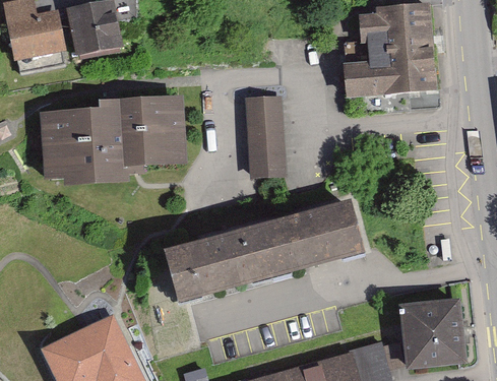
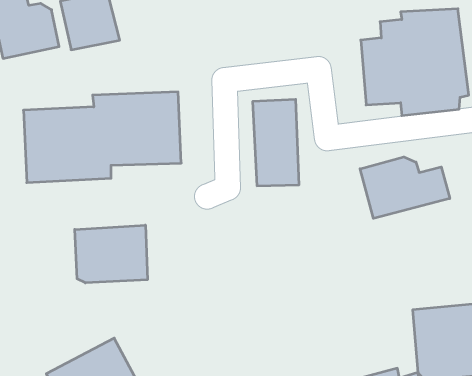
building: none -> [360,157,450,218]
building: [166,199,360,296] -> none
building: none -> [75,225,147,283]

